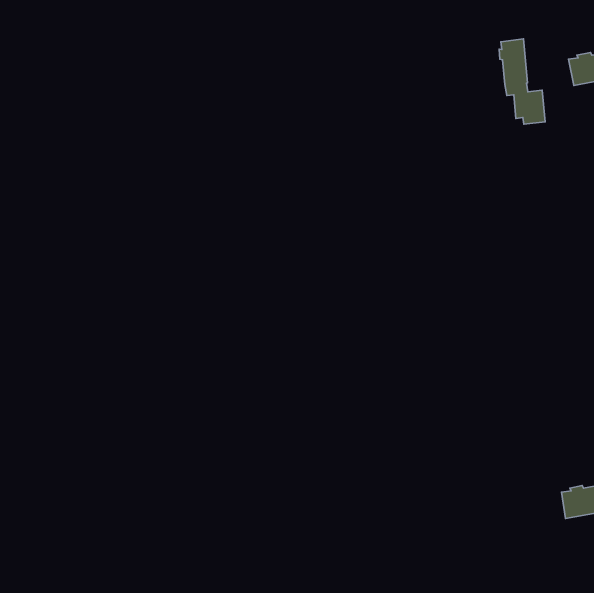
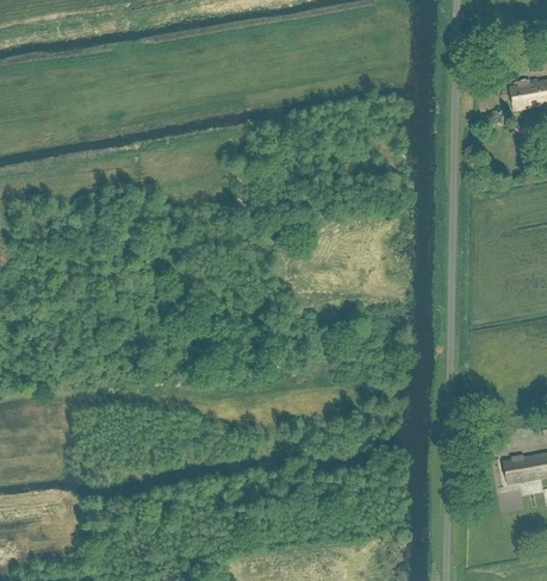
building: [499,39,545,124] -> none

